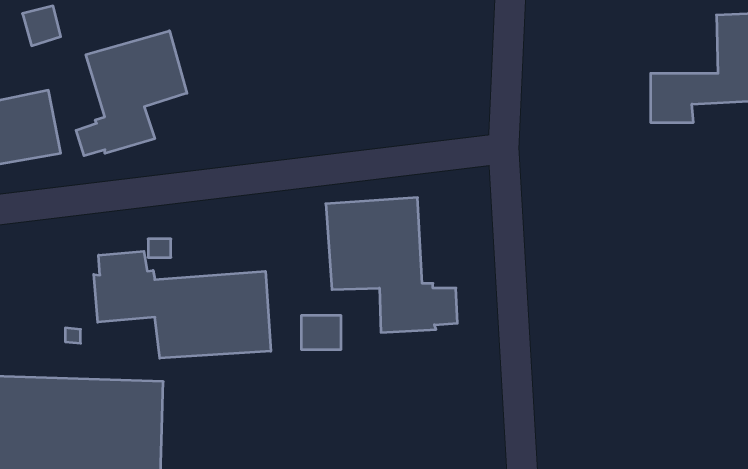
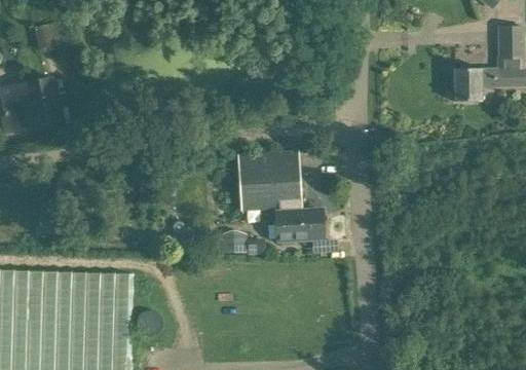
building: [76,31,187,156] -> none
building: [94,251,271,358] -> none

